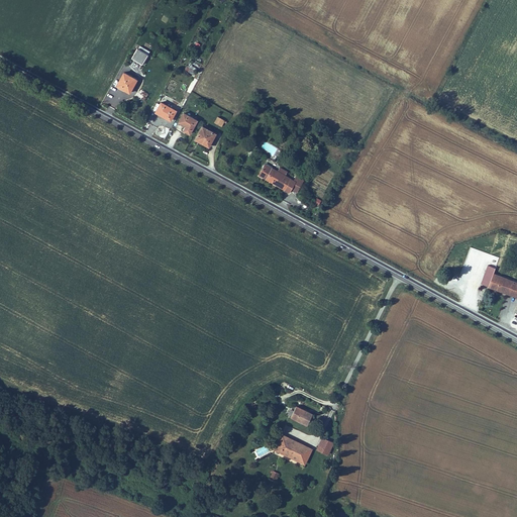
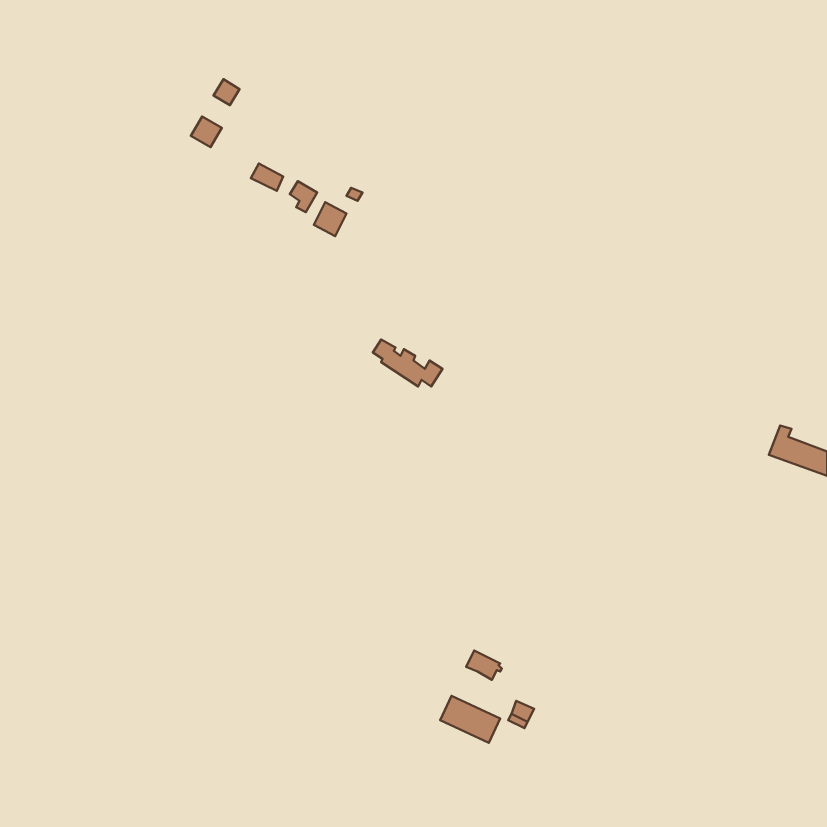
building: [260,164,303,193] -> [373,340,443,386]

